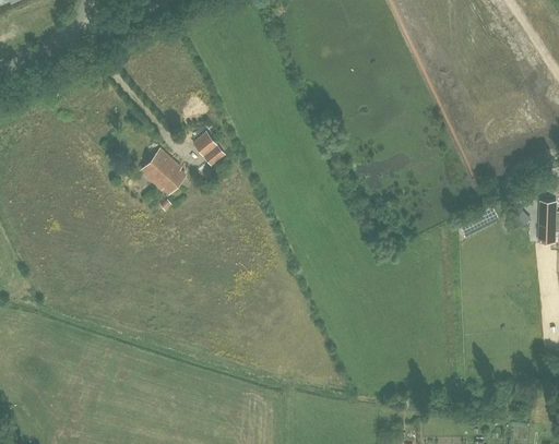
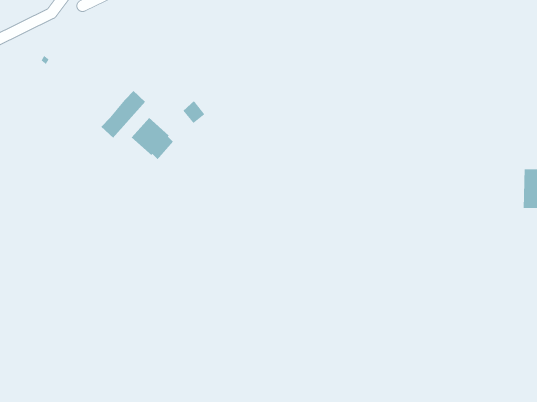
building: none -> [101,90,146,139]

